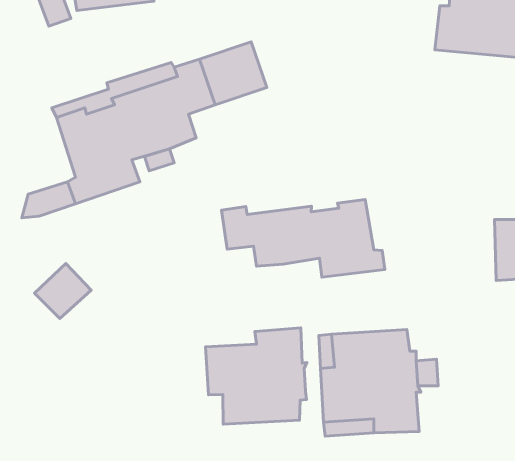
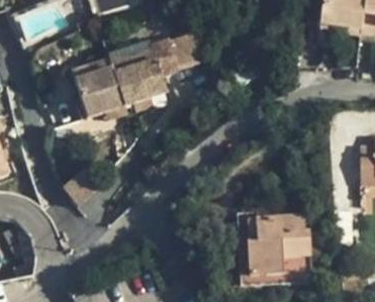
building: [222,199,385,277] -> none
building: [206,328,307,424] -> none

